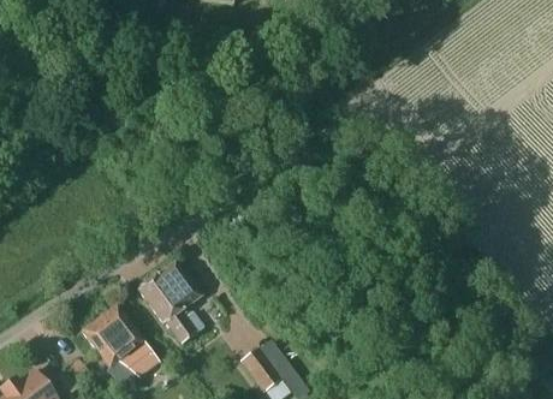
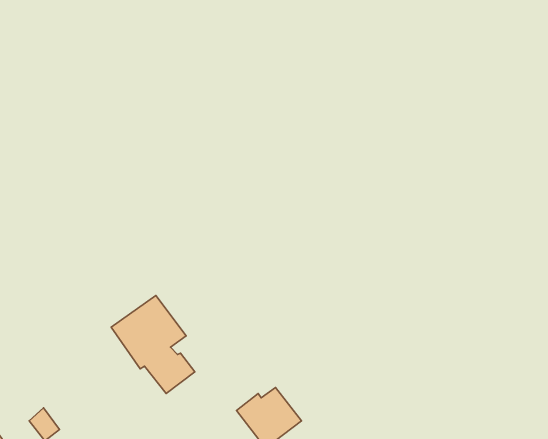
building: [82,305,159,376] -> none

